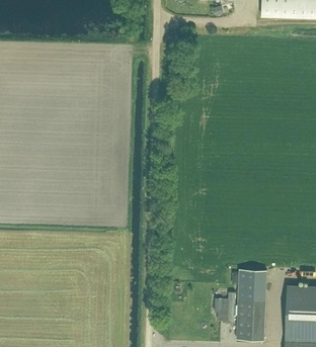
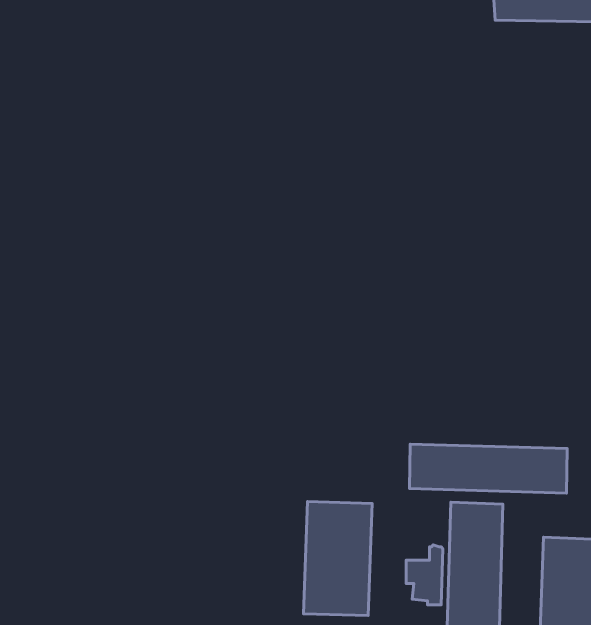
building: none -> [409,444,567,493]
building: none -> [304,502,372,616]

